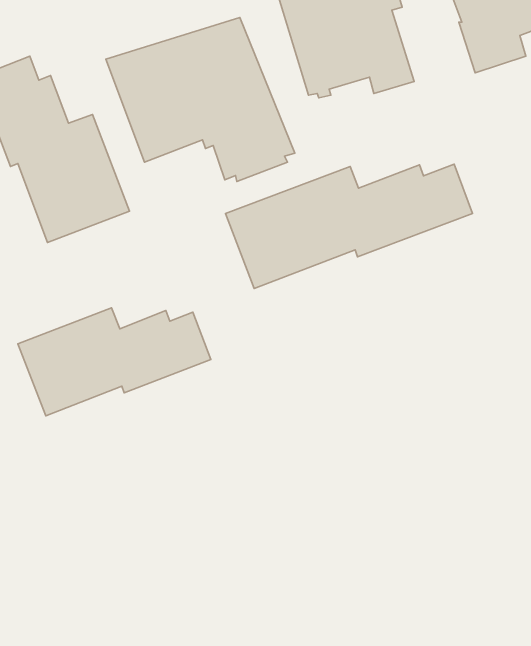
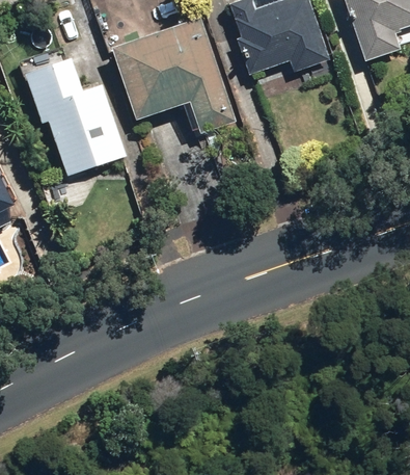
building: [226,164,472,288] -> none
building: [18,308,211,416] -> none

